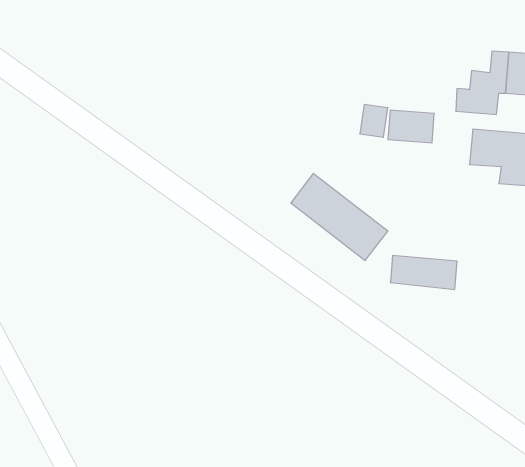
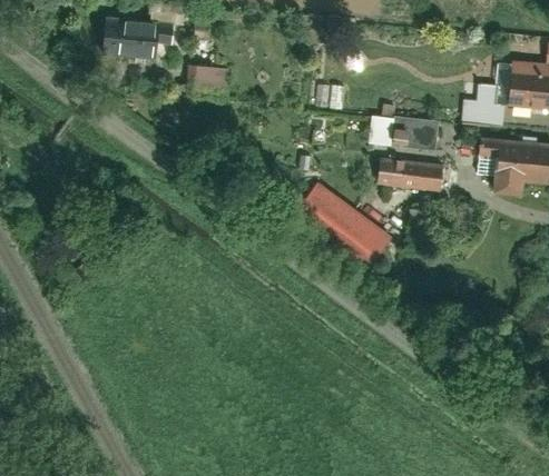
building: none -> [99,18,161,58]
building: none -> [188,63,228,87]
building: [390,255,457,289] -> [382,159,448,192]

